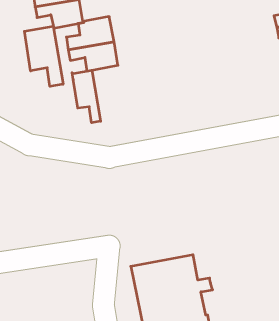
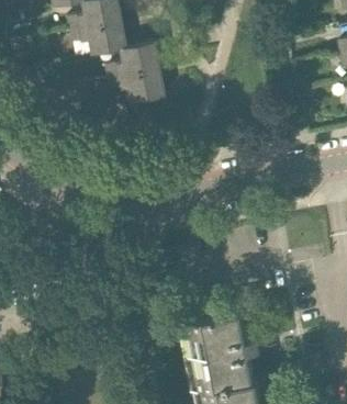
building: [24,26,63,86] -> none
building: [72,70,101,123] -> none

